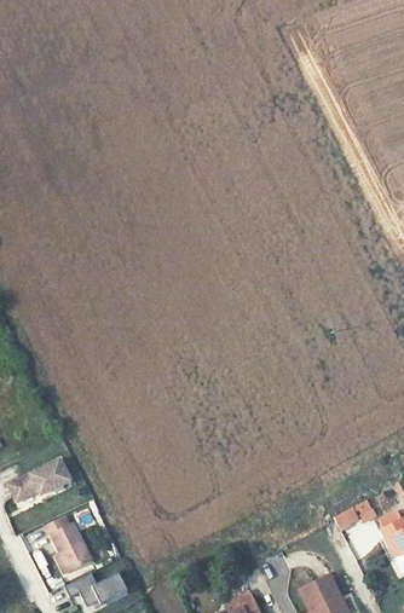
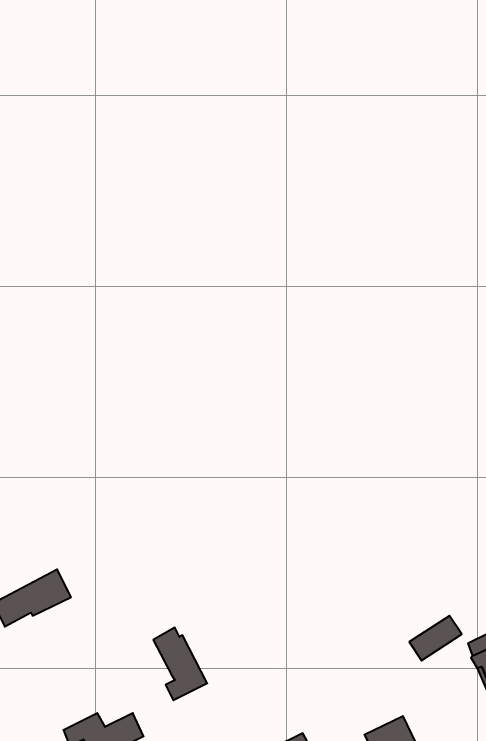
building: [48,520,91,577] -> [153,628,207,700]

